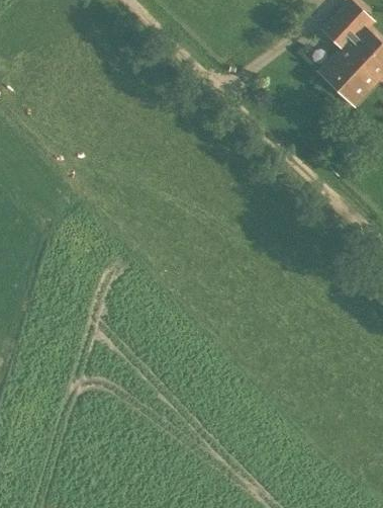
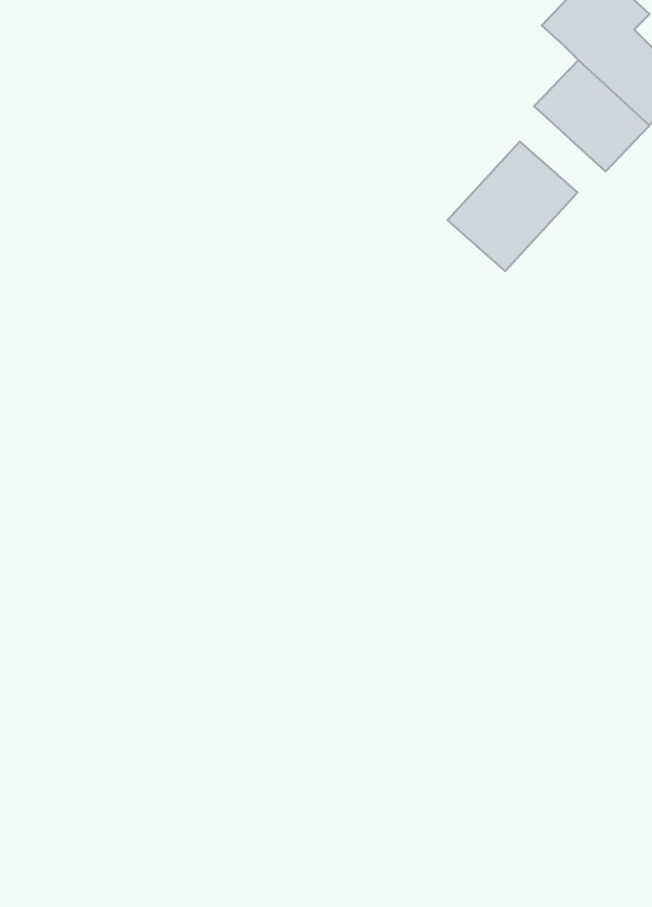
building: none -> [447,141,578,271]

